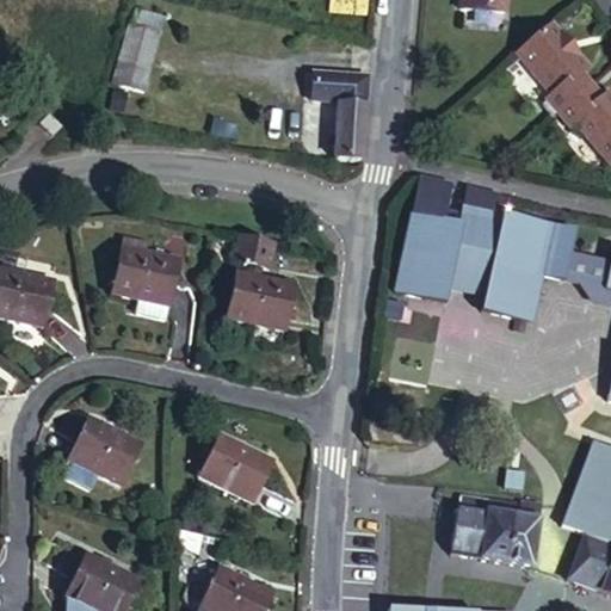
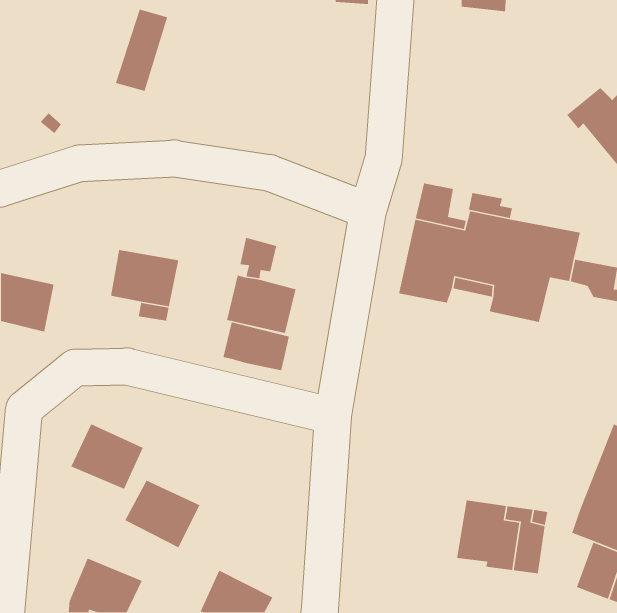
building: [518,25,593,113] -> none
building: [313,69,369,158] -> none
building: none -> [223,322,290,371]
building: [197,432,272,500] -> [124,480,201,548]

